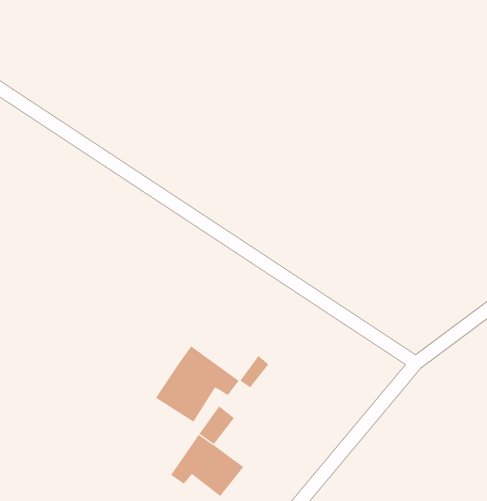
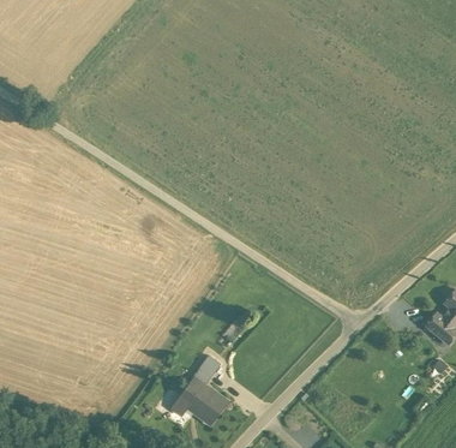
building: [155,346,239,422] -> none

